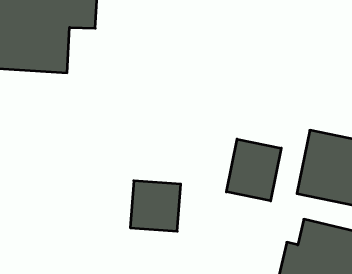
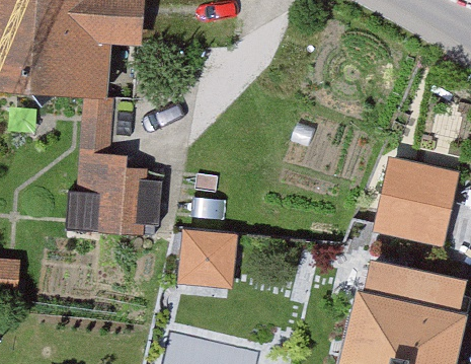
building: none -> [70,99,139,226]
building: [226,139,281,201] -> none

